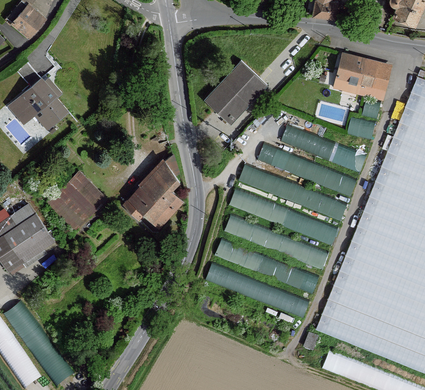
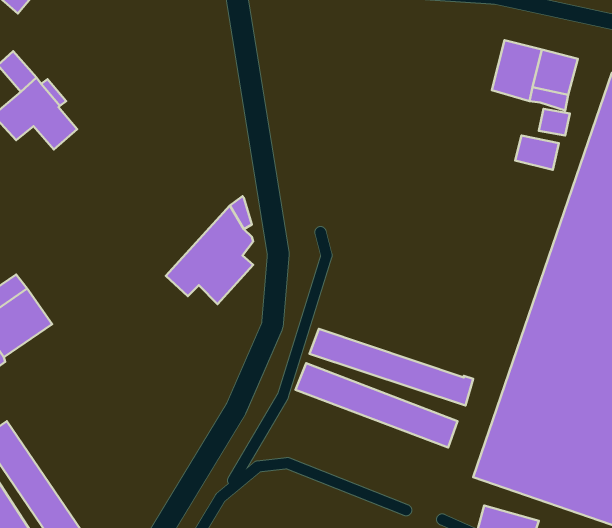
building: [203,64,265,126] -> none
building: [282,126,368,169] -> none
building: [258,144,359,194] -> none
building: [230,167,349,241] -> none
building: [49,174,104,231] -> none
building: [226,217,331,266] -> none

